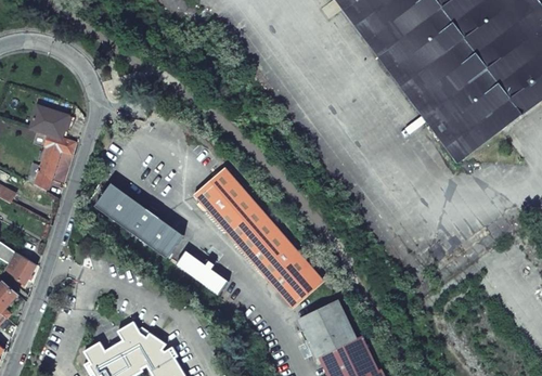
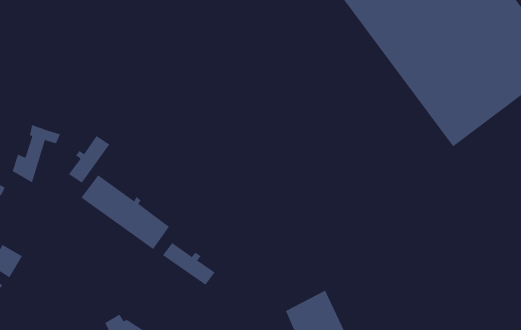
building: [29,105,68,139] -> none
building: none -> [68,135,110,184]
building: [193,167,321,304] -> none

